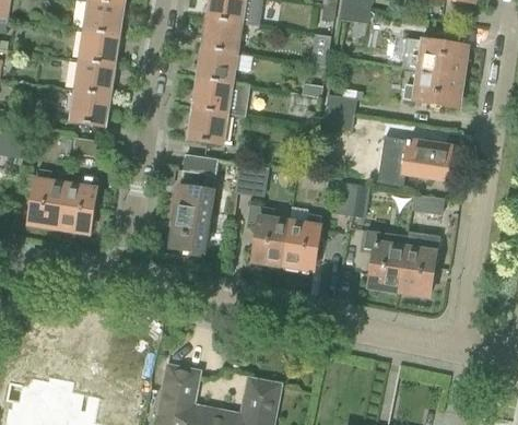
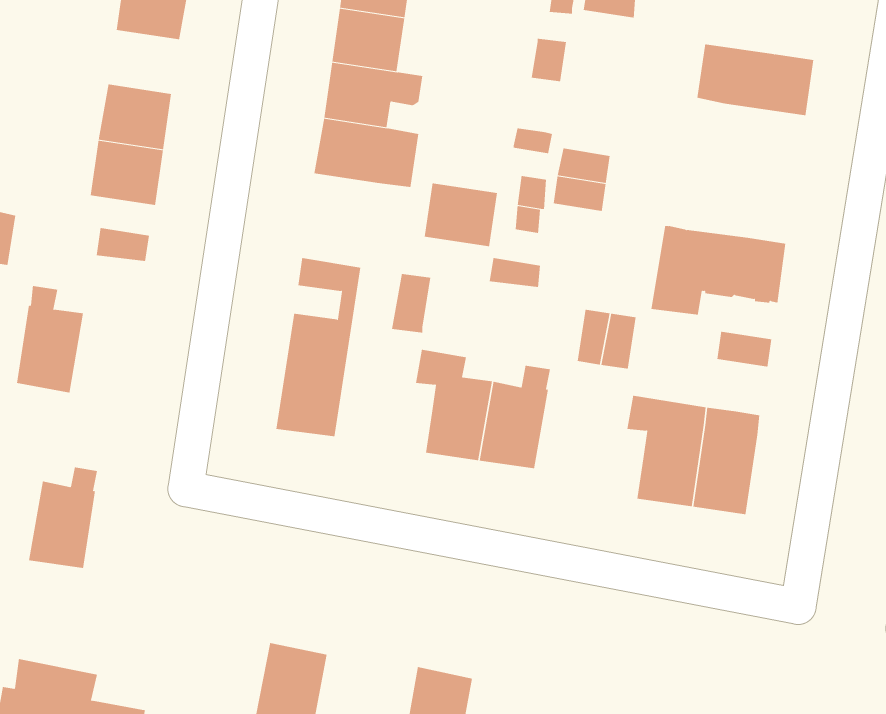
building: [80,29,119,64] -> none
building: [402,70,462,107] -> none
building: [188,108,228,143] -> [424,183,498,247]
building: [59,177,97,233] -> [28,467,98,569]

